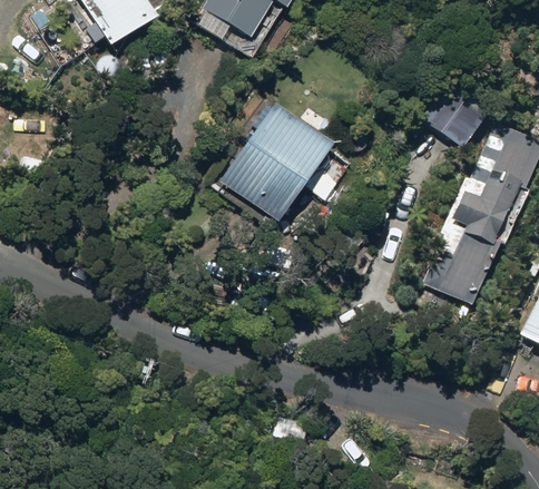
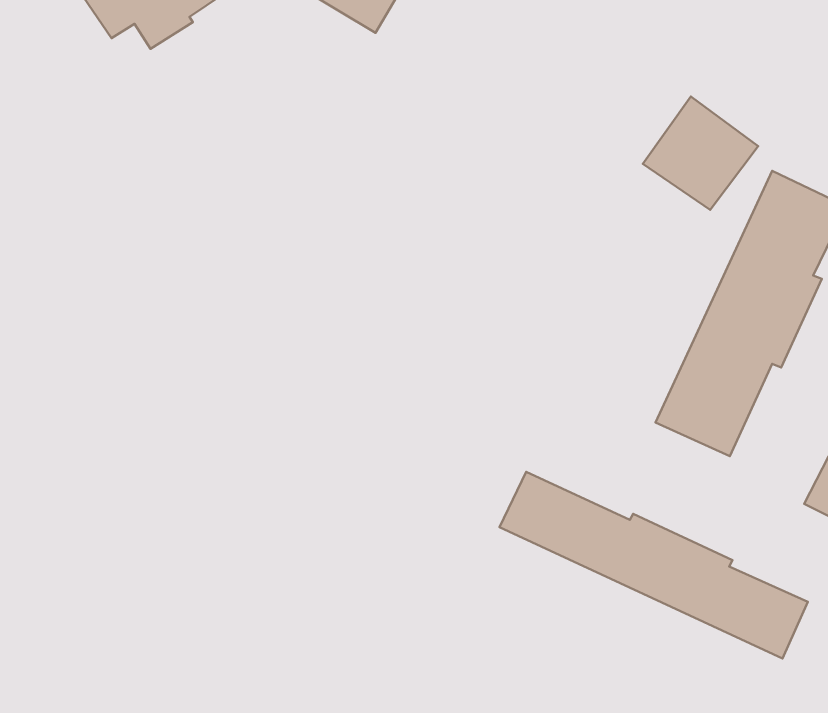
building: [219,100,334,223] -> none
building: none -> [499,472,808,659]

